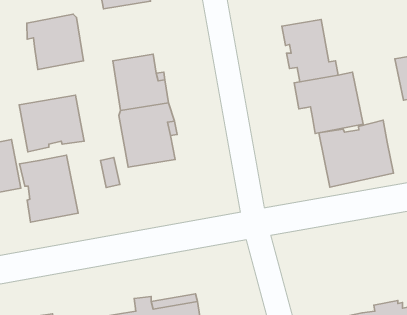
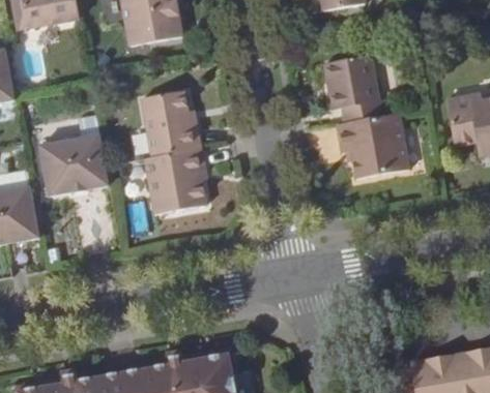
building: [27,14,83,69] -> none
building: [319,120,394,187] -> none
building: [20,155,78,222] -> none

